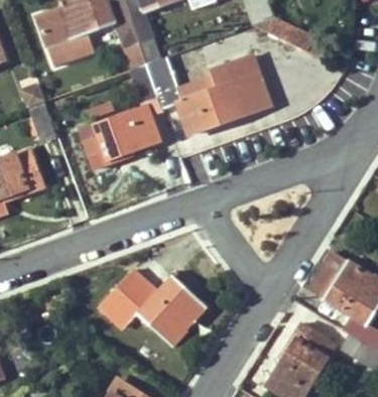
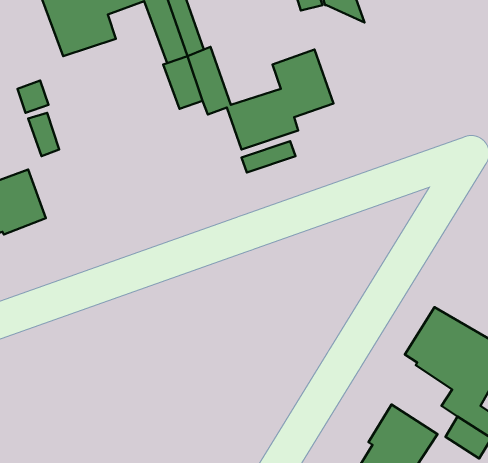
building: [228,54,271,119] -> none
building: [80,107,158,169] -> none
building: [101,269,207,345] -> none

